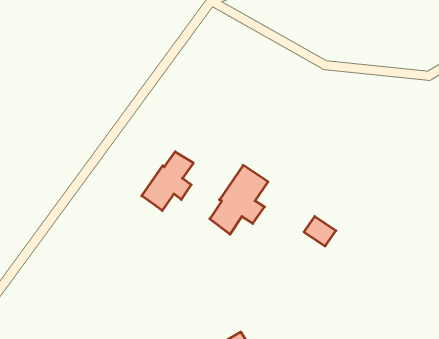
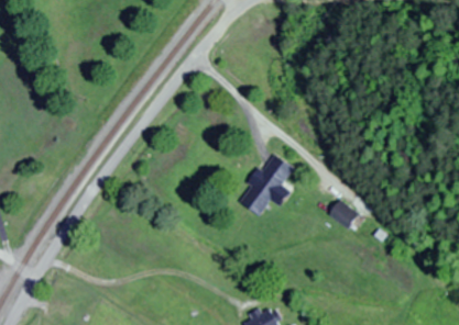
building: [142,152,193,211] -> none

